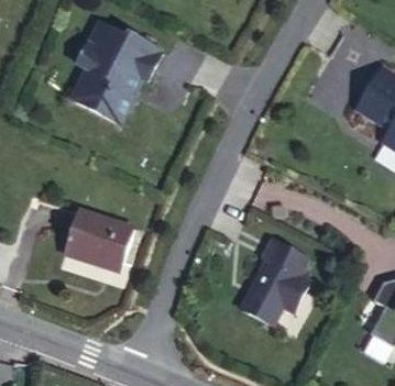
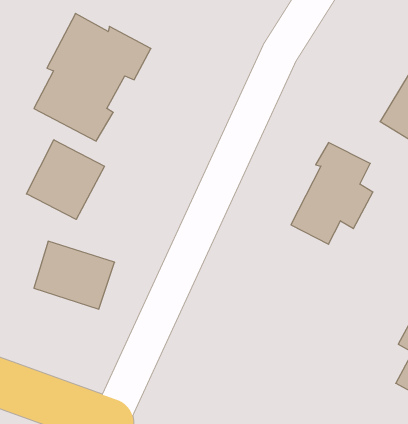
building: none -> [26,140,104,219]
building: [241,239,310,324] -> [291,143,373,244]

